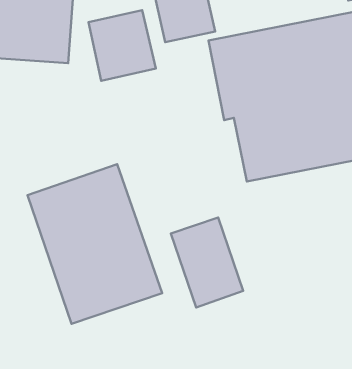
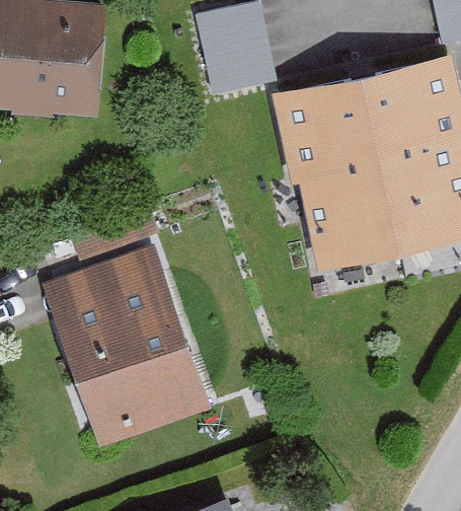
building: [88,10,156,81] -> none
building: [171,218,243,307] -> none

